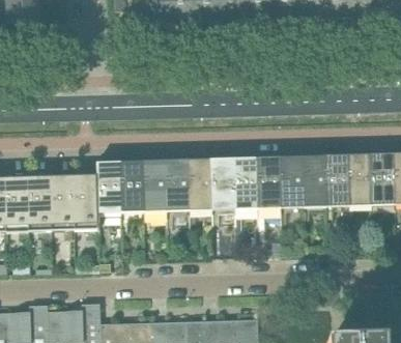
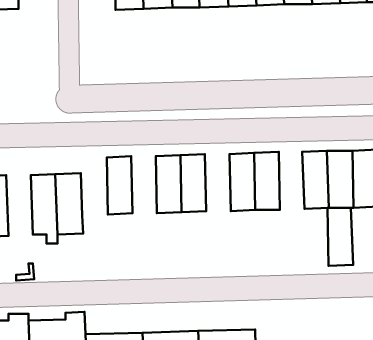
building: [280,154,304,208] -> [327,208,353,266]
building: [211,156,235,209] -> none
building: [143,159,167,211] -> none
building: [96,160,121,213] -> none
building: [27,176,52,232] -> none

